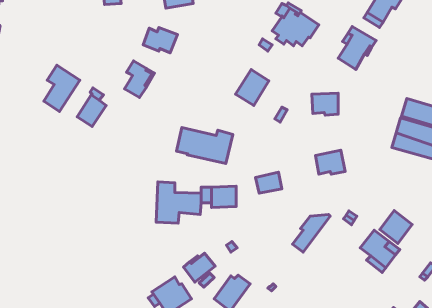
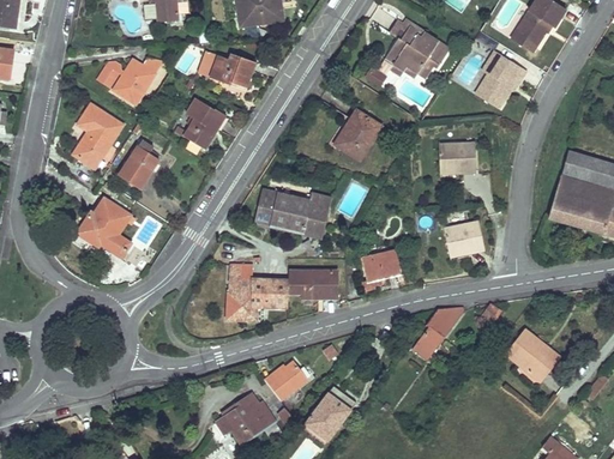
building: none -> [96,58,163,104]
building: none -> [77,198,130,256]
building: [380,210,412,244] -> none

